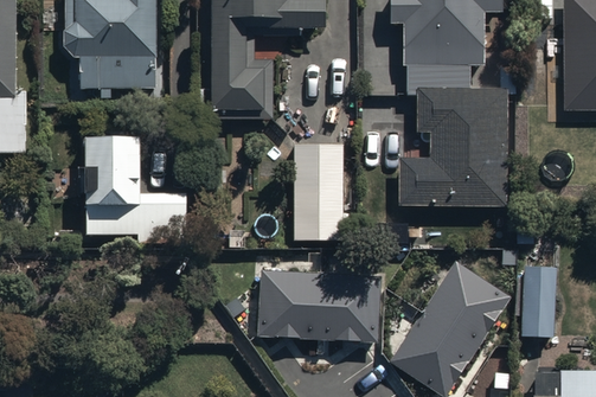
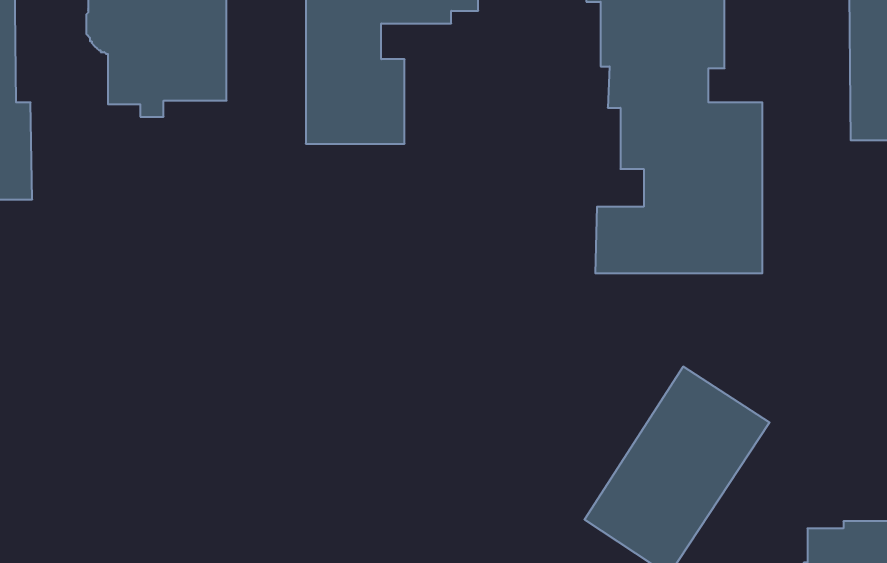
building: [84,133,185,243] -> none
building: [291,145,342,238] -> none
building: [519,265,555,334] -> none
building: [258,273,383,346] -> none

